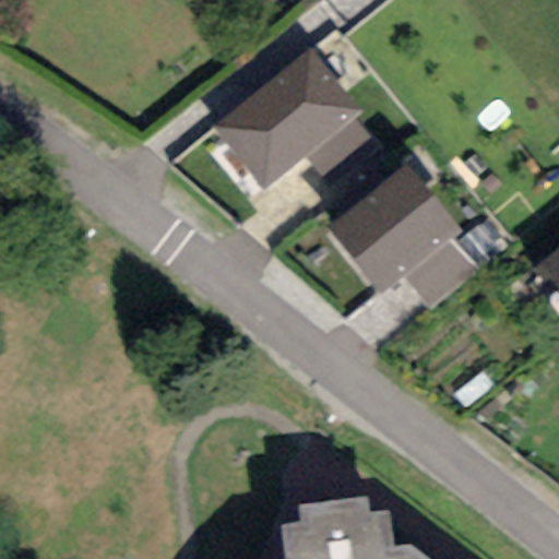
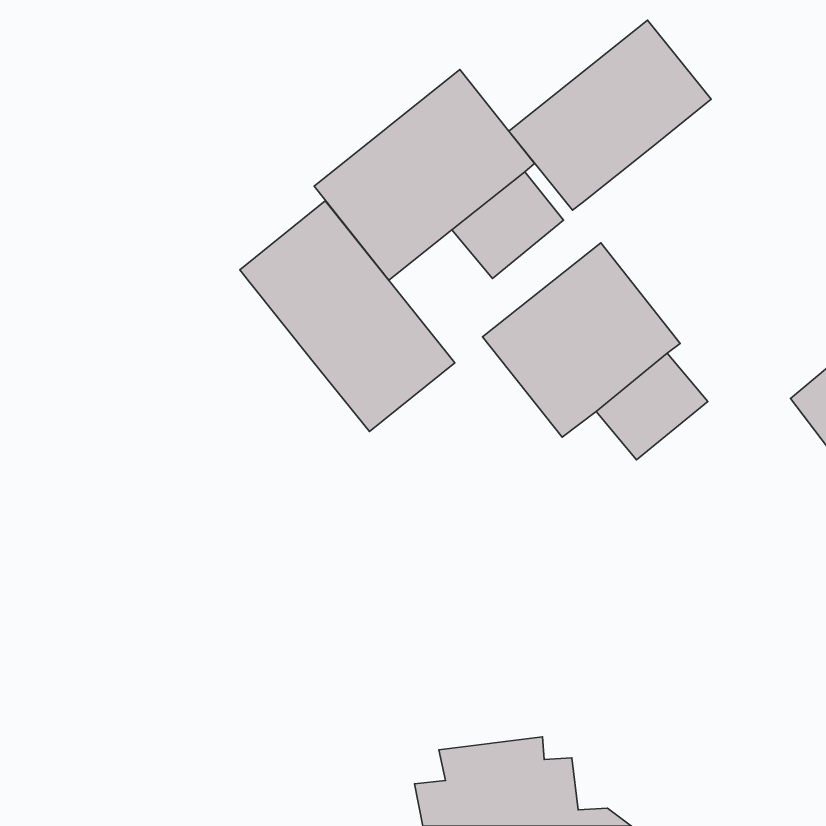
building: none -> [509,20,711,210]
building: none -> [240,201,455,432]

